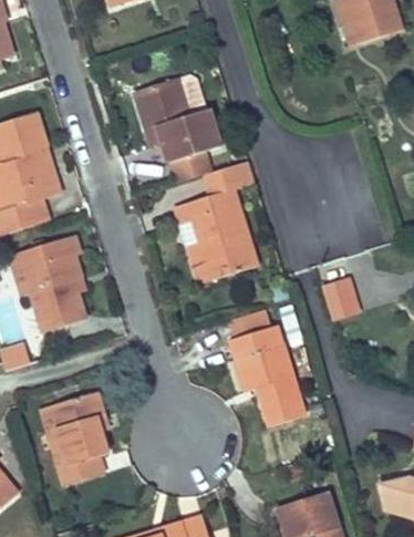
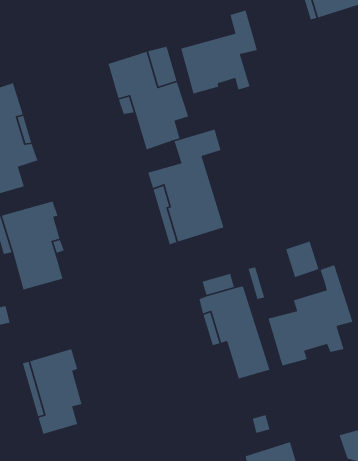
building: none -> [180,9,258,94]
building: none -> [268,264,354,367]

